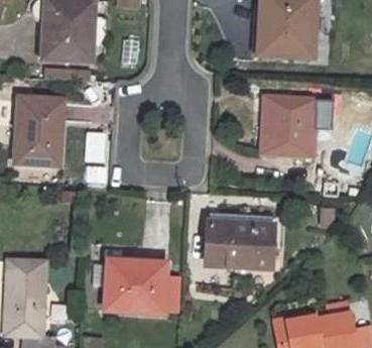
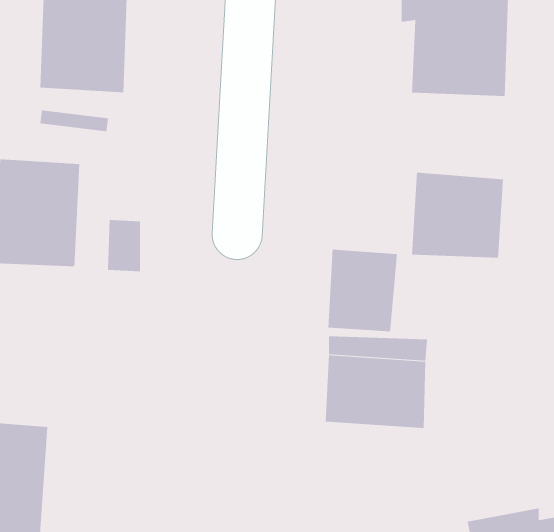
building: none -> [328,249,398,332]
building: [104,251,188,309] -> none

